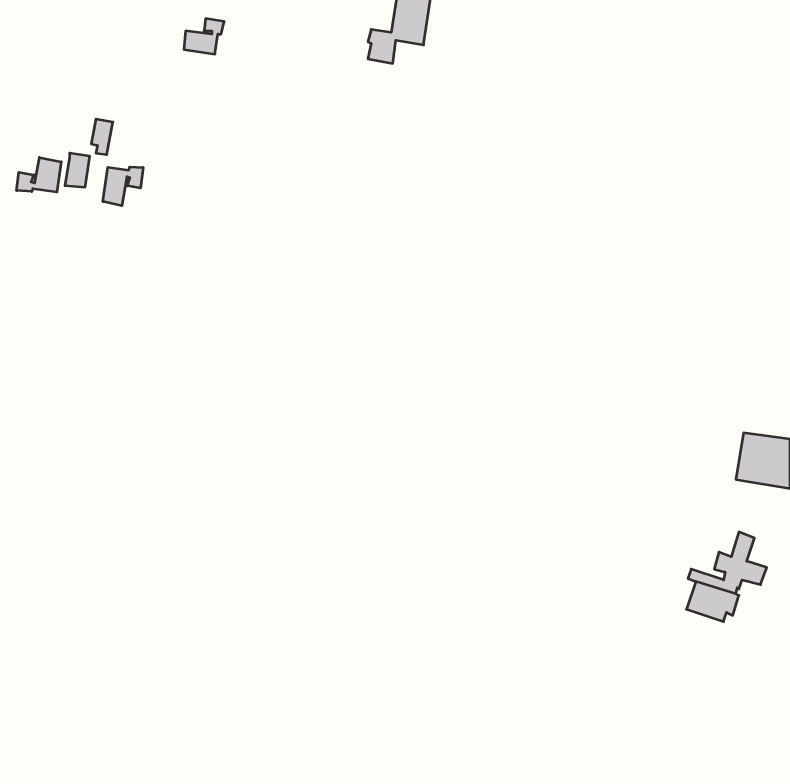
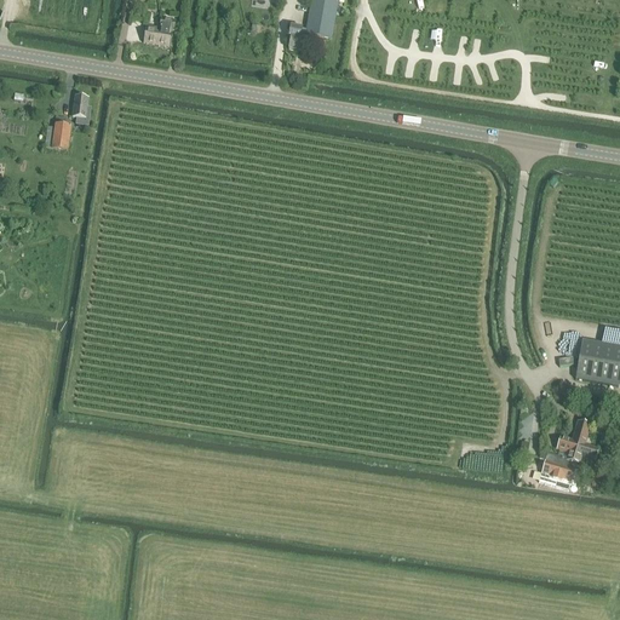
building: [17,157,61,192] -> none
building: [103,167,143,206] -> none

